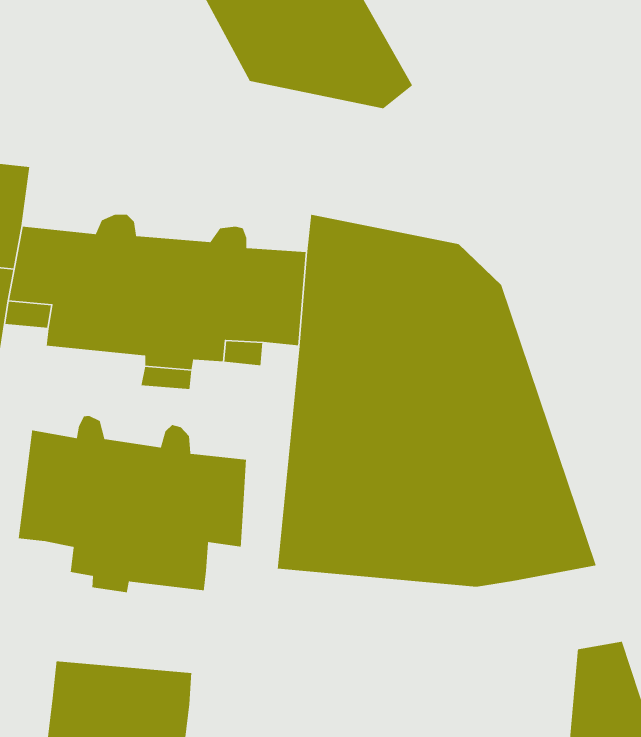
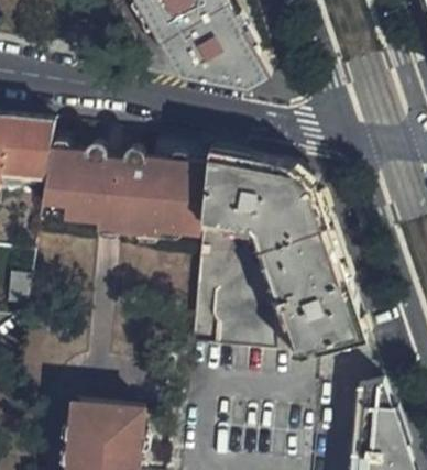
building: [18,415,247,593] -> none

